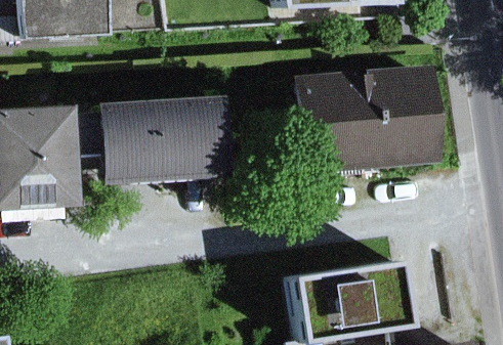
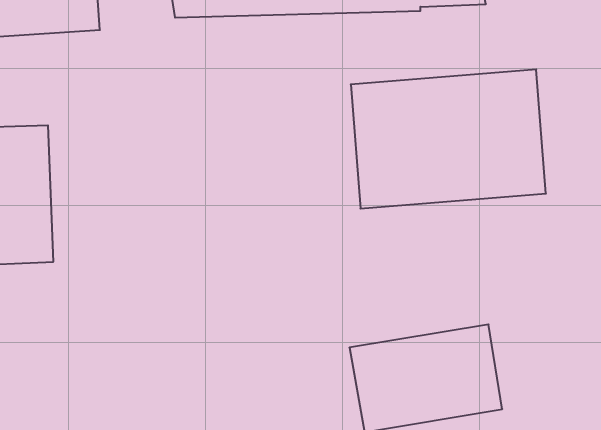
building: [100,97,230,186] -> none

